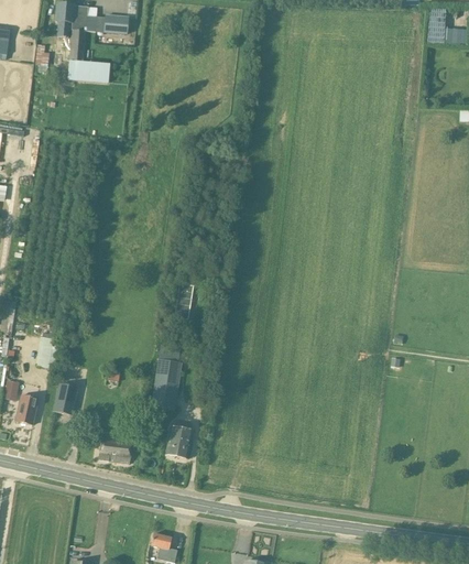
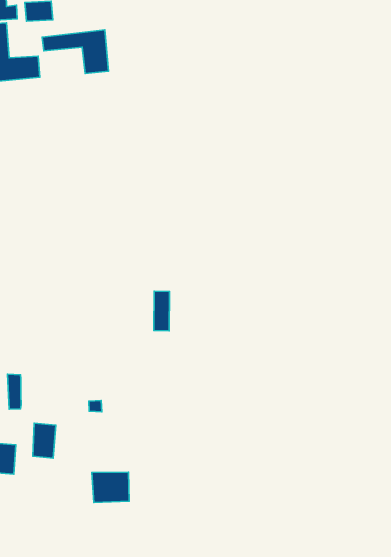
building: none -> [42,30,108,73]
building: [150,345,183,417] -> none
building: [165,426,192,458] -> none

